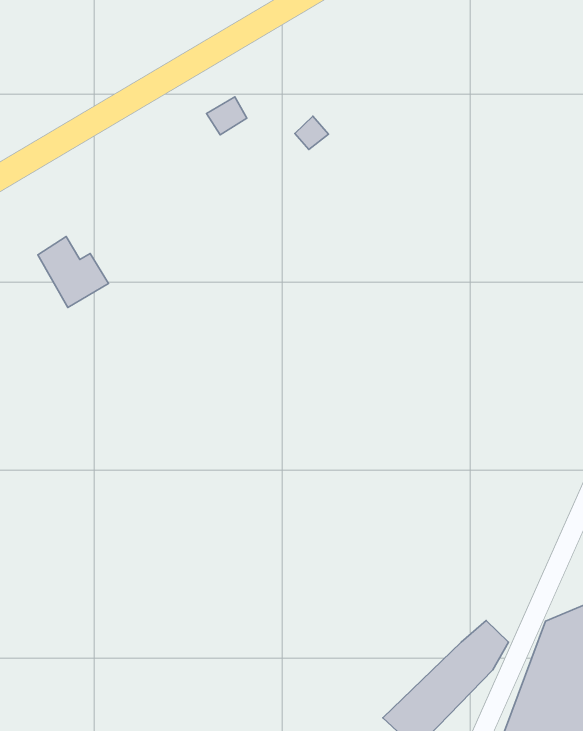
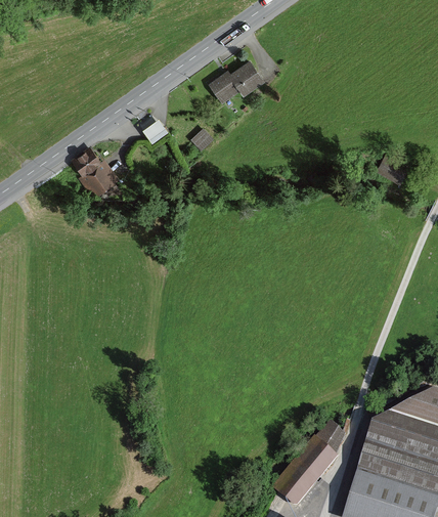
building: none -> [209,62,262,102]
building: [38,237,108,308] -> [73,150,117,193]

